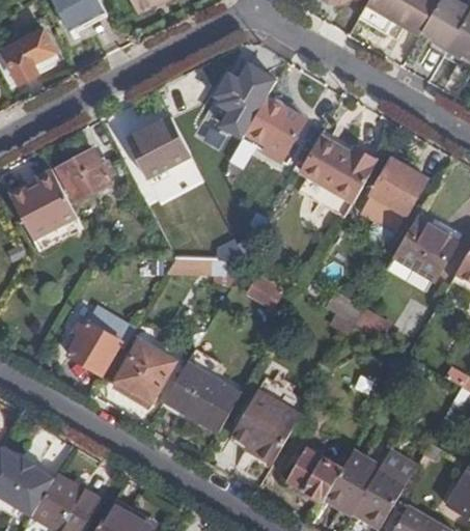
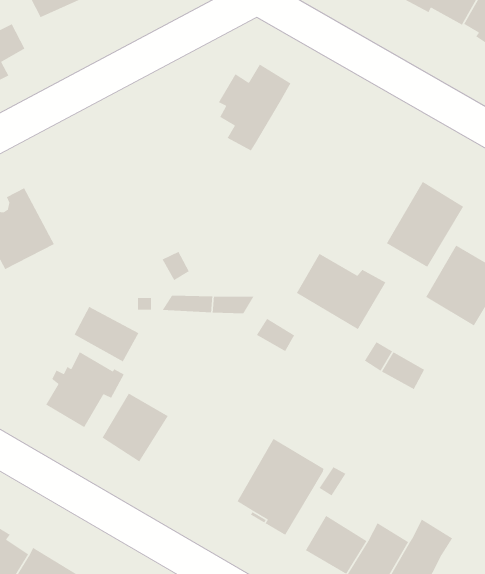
building: [247,97,304,155] -> none
building: [129,116,191,178] -> none
building: [300,136,377,201] -> [296,253,387,330]
building: [58,150,113,204] -> none
building: none -> [73,306,140,362]
building: [163,351,239,434] -> none

